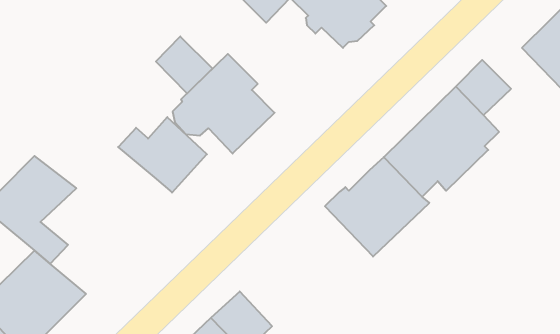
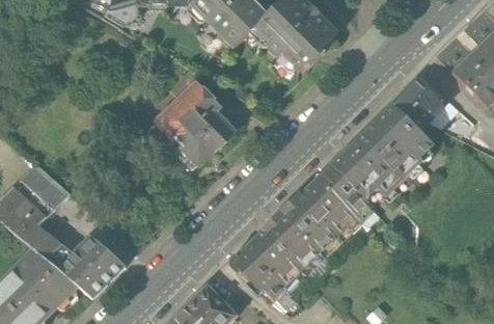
building: [156,36,213,94] -> none
building: [118,117,207,193] -> [44,233,120,298]
building: none -> [235,209,323,299]

